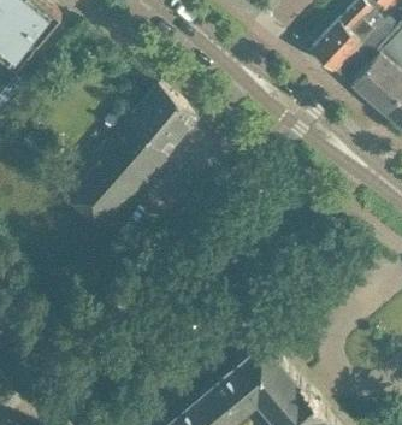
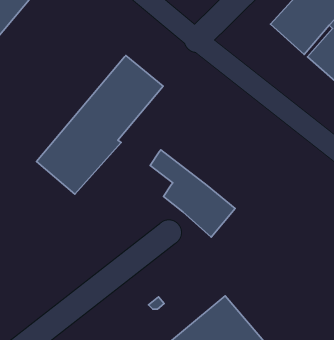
building: none -> [150,150,235,237]

